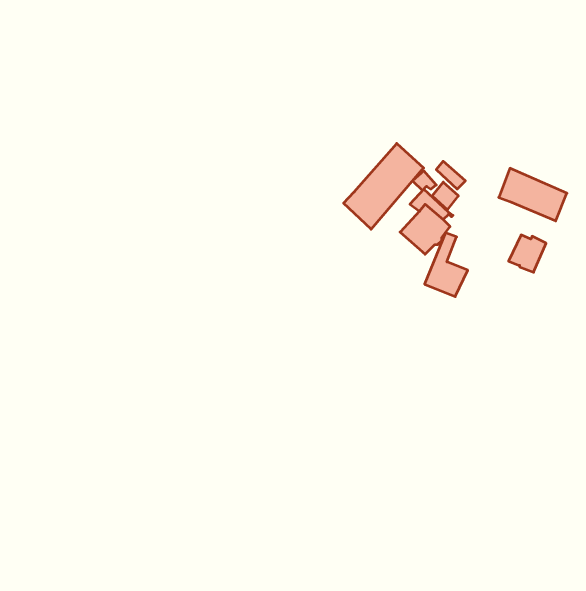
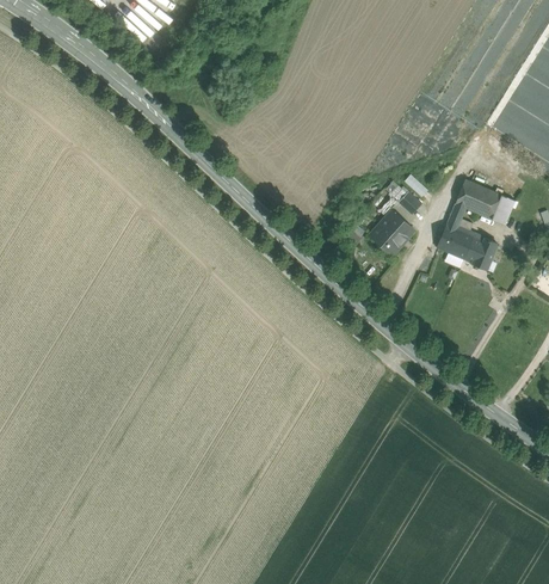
building: [344,143,424,229] -> none
building: [425,233,468,297] -> [438,204,475,259]

